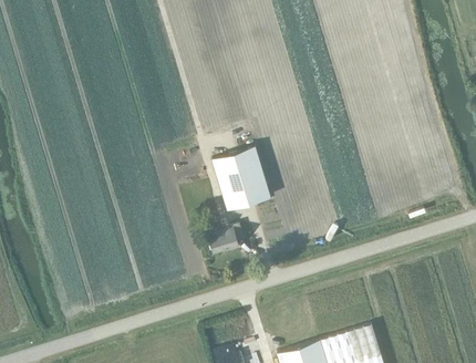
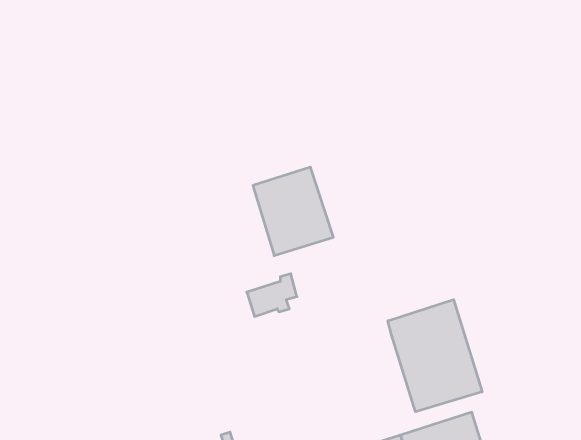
building: none -> [388,300,482,412]

